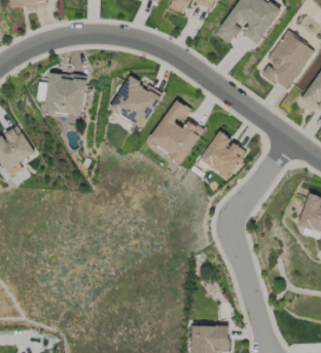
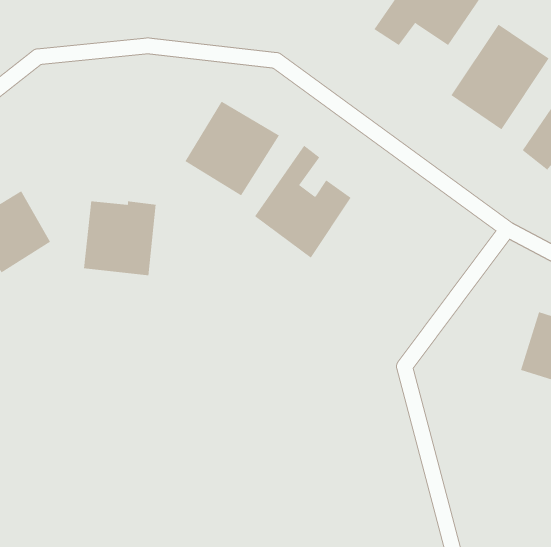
building: [44,74,85,116] -> [83,201,156,276]
building: [200,130,245,178] -> none

